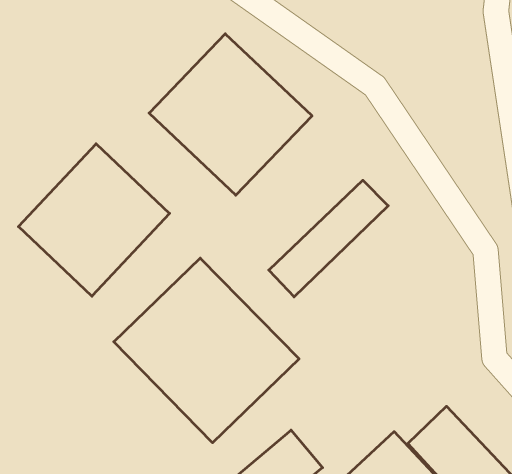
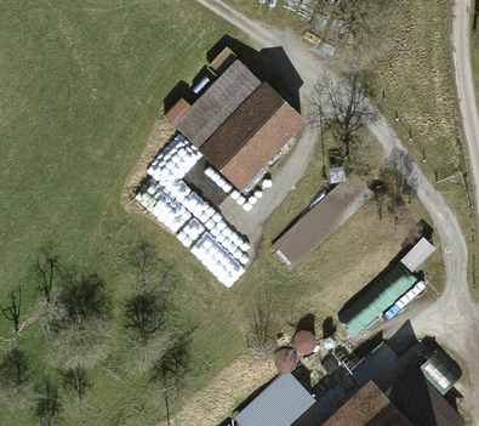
building: [18,144,170,296] -> none
building: [114,258,299,443] -> none

